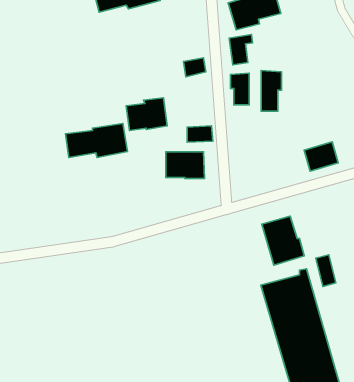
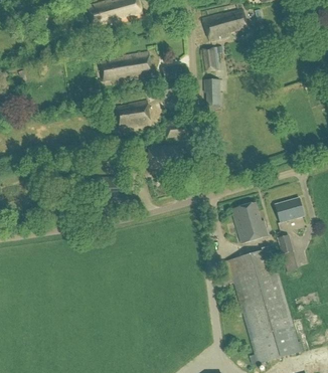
building: [261,70,282,111] -> none
building: [65,123,128,157] -> [99,51,152,80]
building: [304,142,338,171] -> [274,197,303,222]

